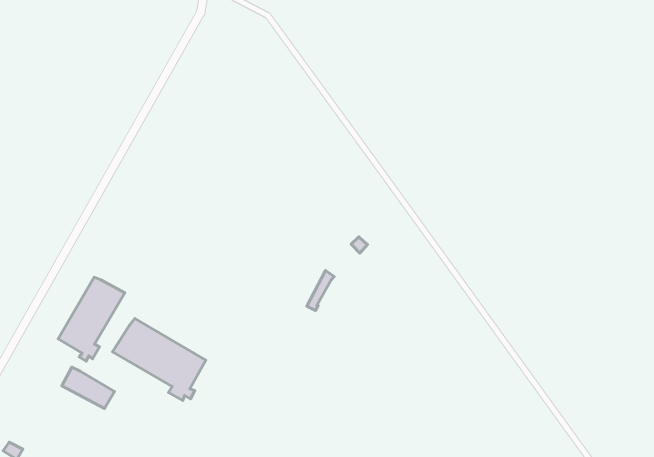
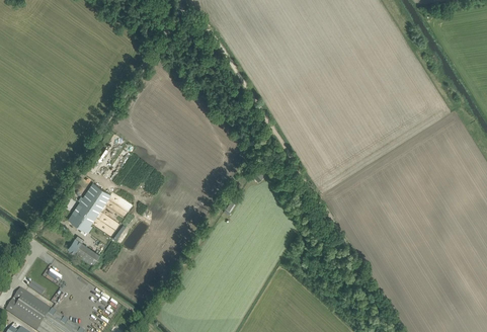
building: [113,319,206,400] -> none

